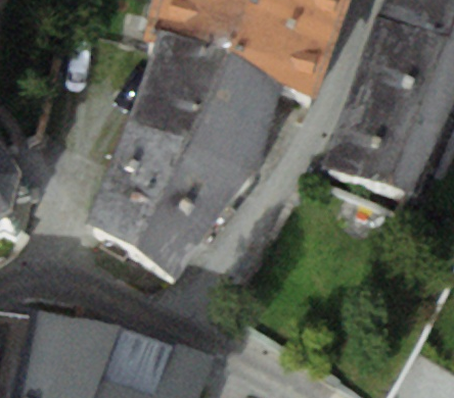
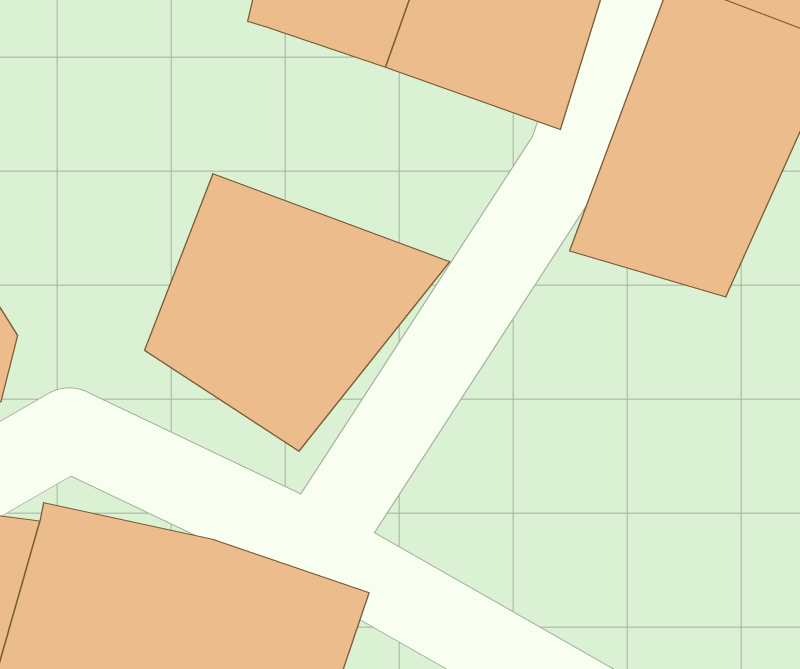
building: [125,41,281,171] -> none

